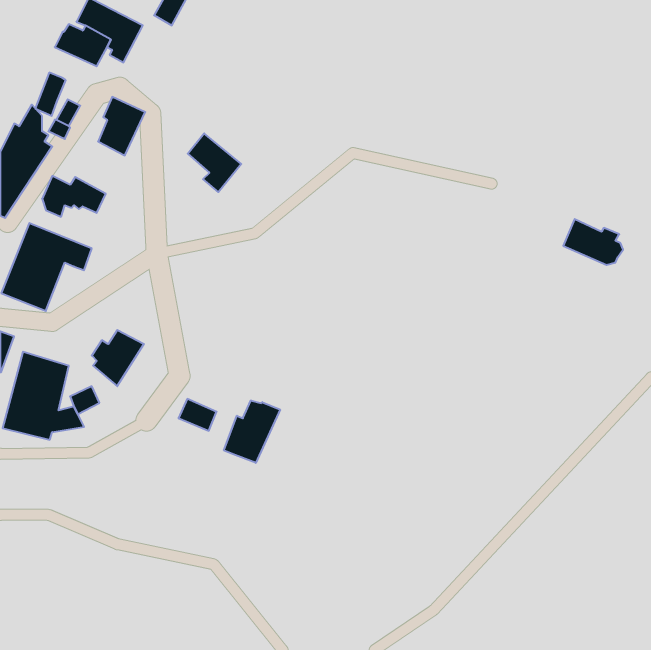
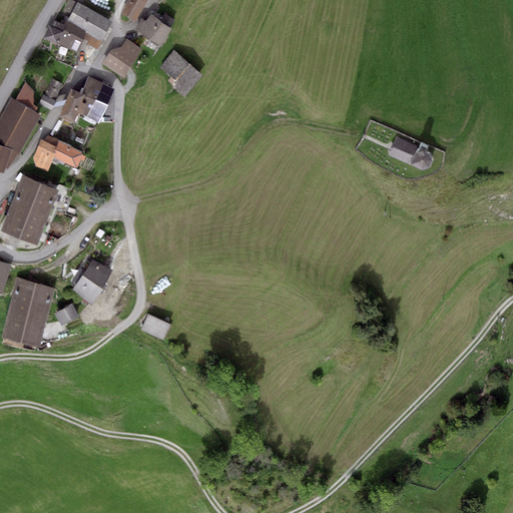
building: none -> [135,12,175,46]
building: none -> [103,38,142,77]
building: [35,73,66,116] -> [60,88,84,122]
building: [188,133,241,192] -> [160,50,202,96]
building: [563,219,623,265] -> [388,134,435,170]
building: [224,400,280,463] -> none

